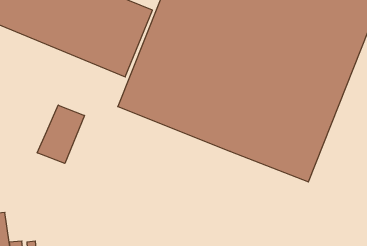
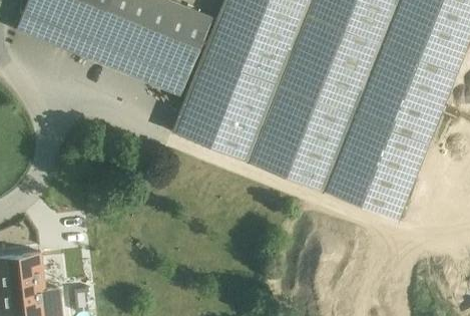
building: [37,105,84,163] -> none

